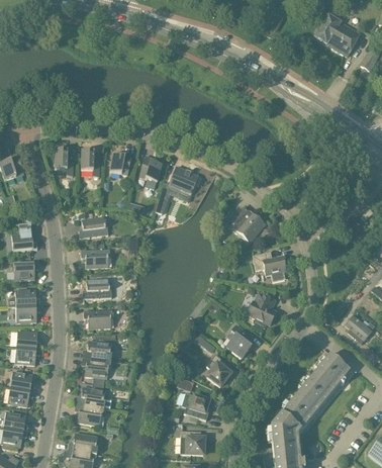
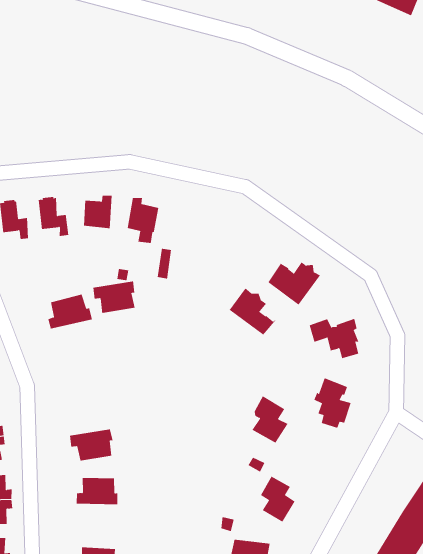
building: [169,166,198,200] -> none
building: none -> [229,287,277,336]
building: [82,249,110,268] -> [92,281,136,313]
building: [83,279,112,298] -> none
building: [226,324,252,358] -> [252,395,288,444]
building: [82,357,111,378] -> none

